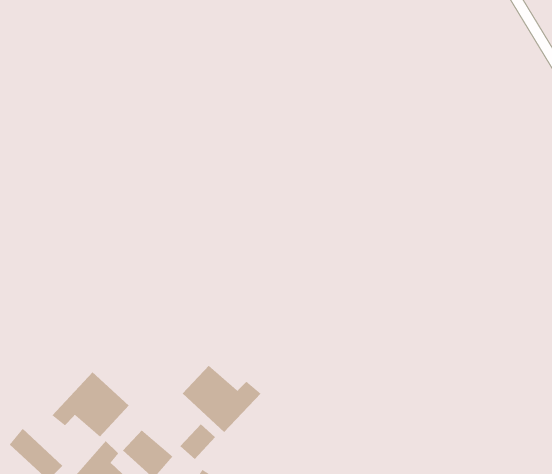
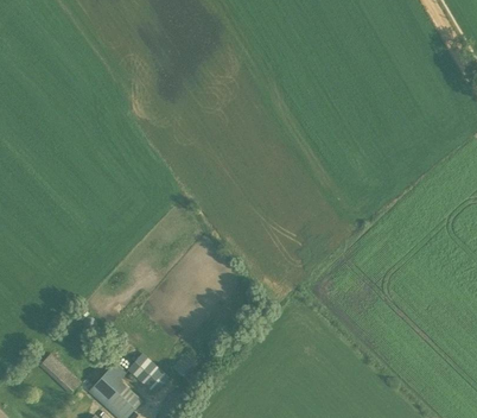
building: [182,365,262,433] -> none
building: [52,372,129,437] -> none

